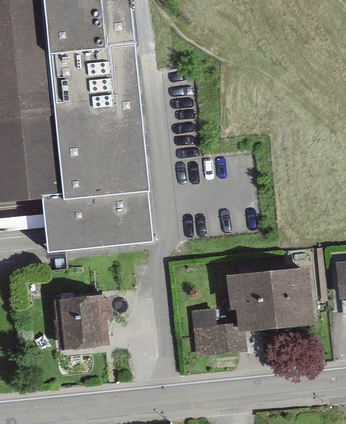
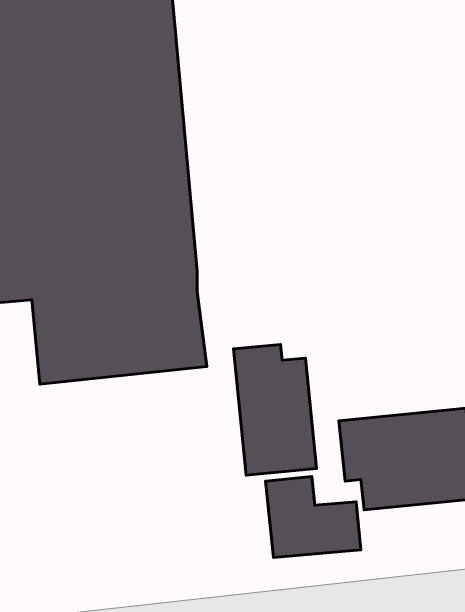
building: none -> [234,344,317,475]
building: [54,295,112,353] -> none

